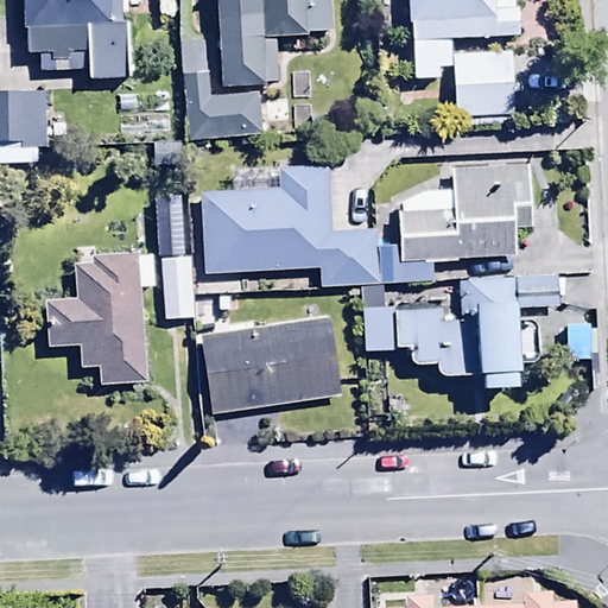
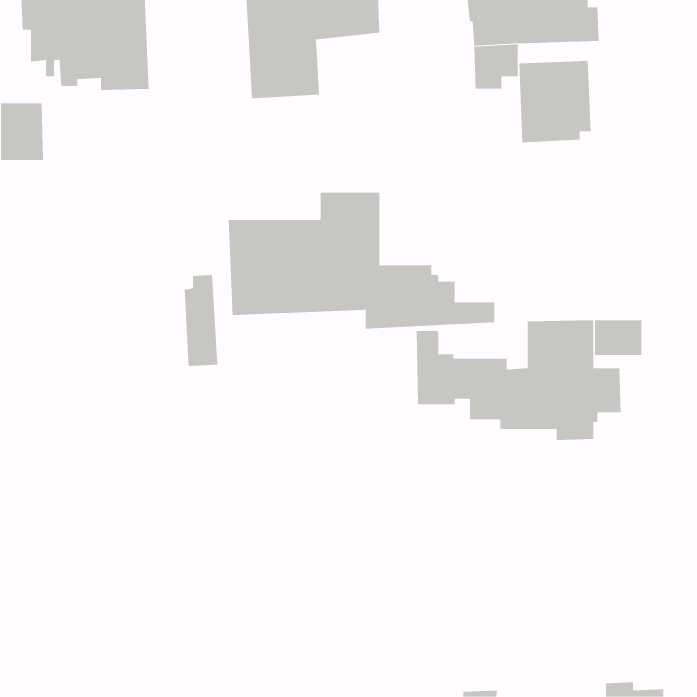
building: [182,70,264,141] -> none
building: [398,163,536,261] -> none
building: [46,248,153,384] -> none
building: [202,314,341,412] -> none

